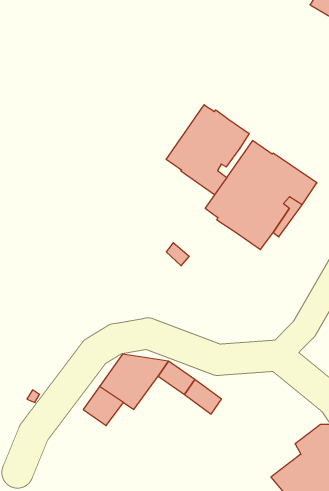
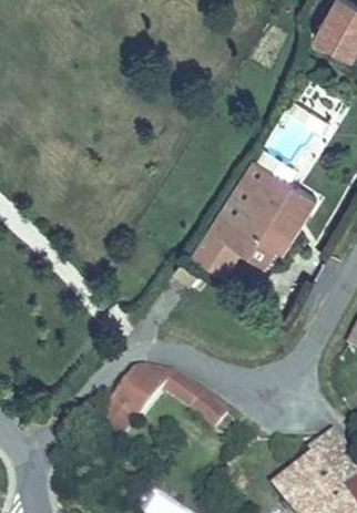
building: [166,105,249,195] -> none
building: none -> [193,226,239,273]

